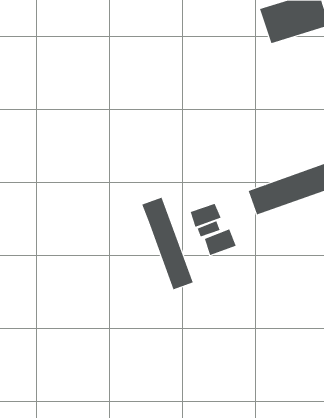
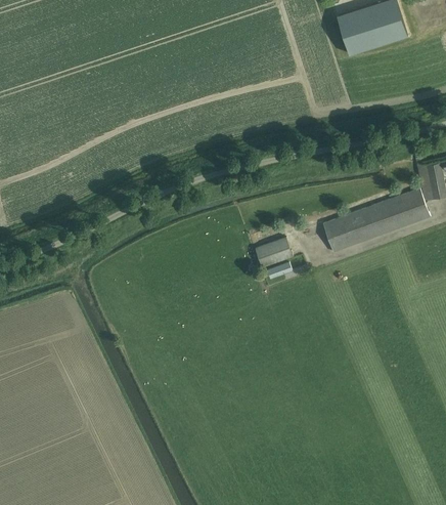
building: [142,197,193,290] -> none
building: [204,229,236,256] -> none

